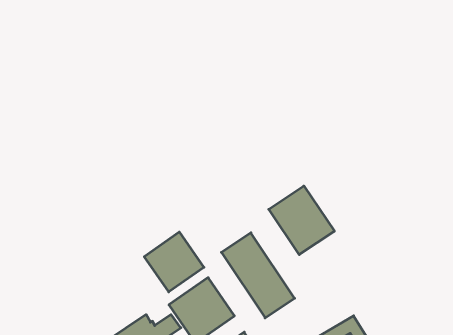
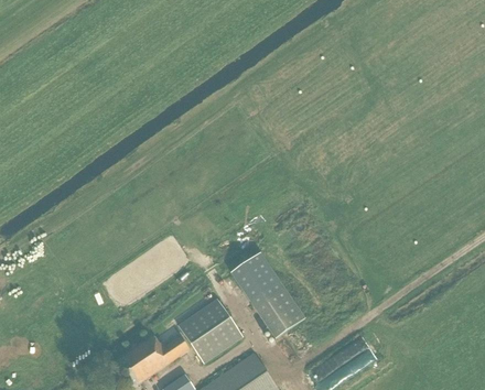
building: [269,186,334,255] -> none
building: [144,232,204,292] -> none

